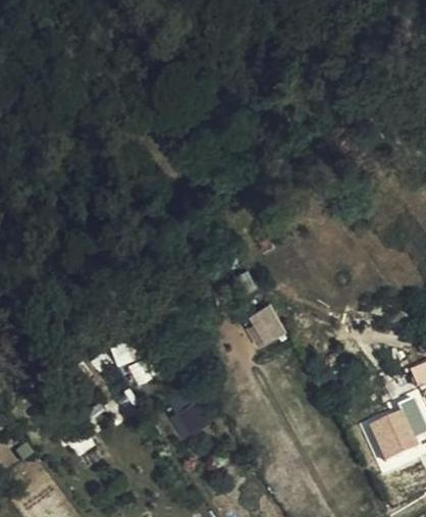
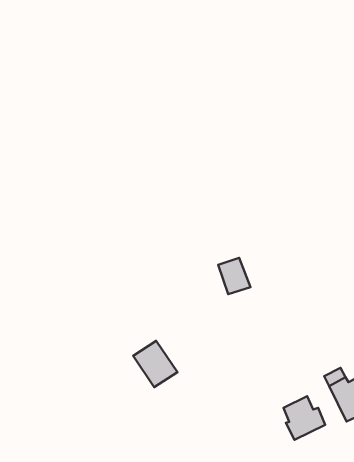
building: none -> [284,396,325,440]

